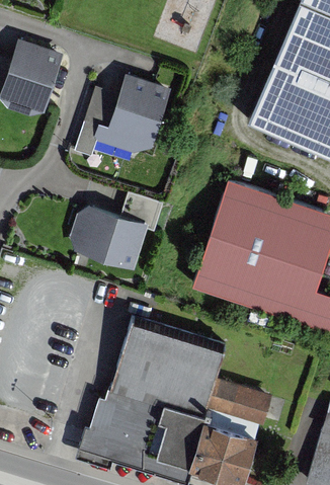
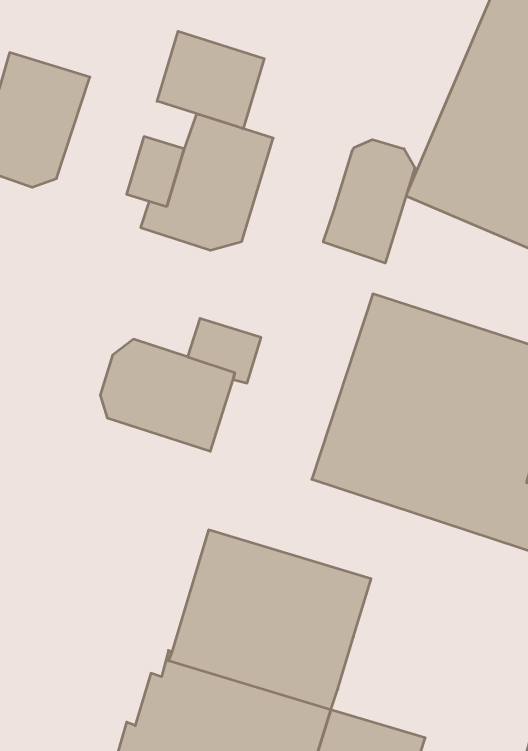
building: none -> [157,31,264,129]
building: none -> [323,140,415,263]
building: [209,377,273,424] -> none

